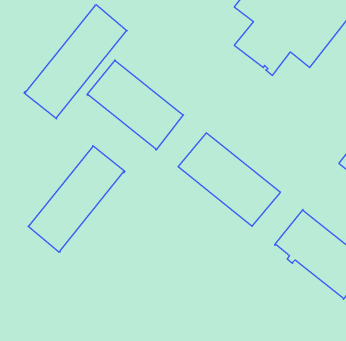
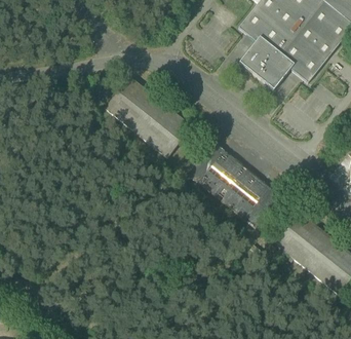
building: [24,5,127,119] -> none
building: [28,146,125,252] -> none

